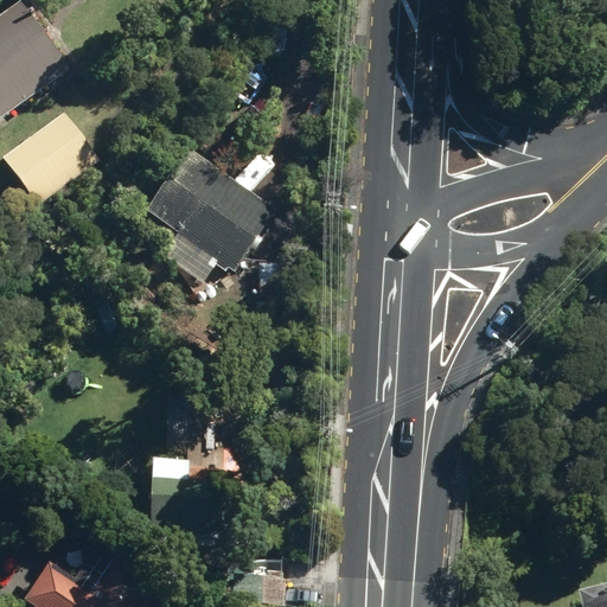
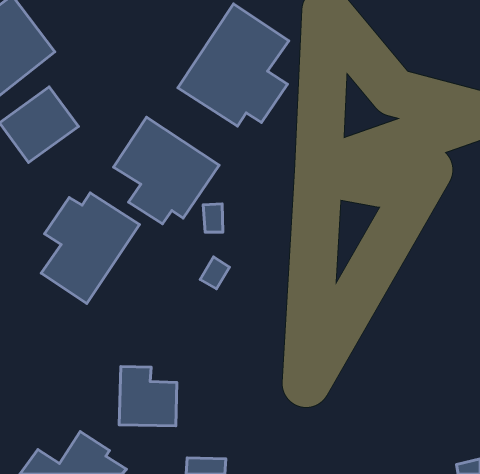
building: none -> [178,4,289,126]
building: none -> [41,193,139,304]

